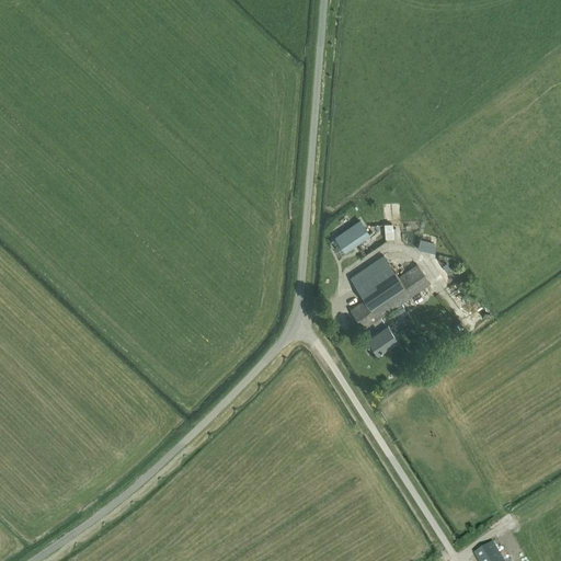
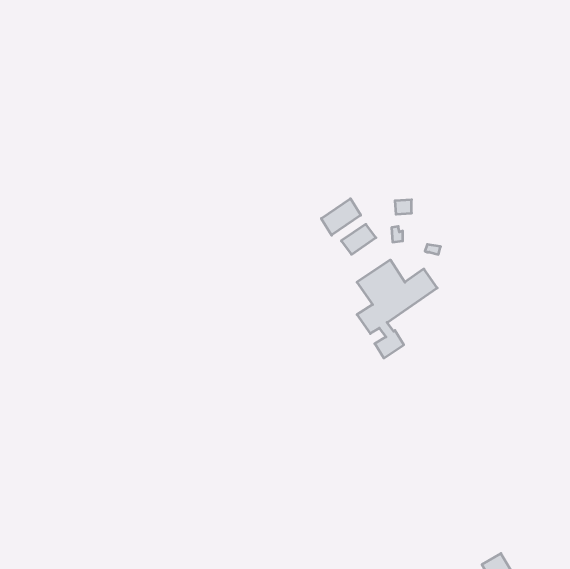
building: none -> [321,199,361,235]

